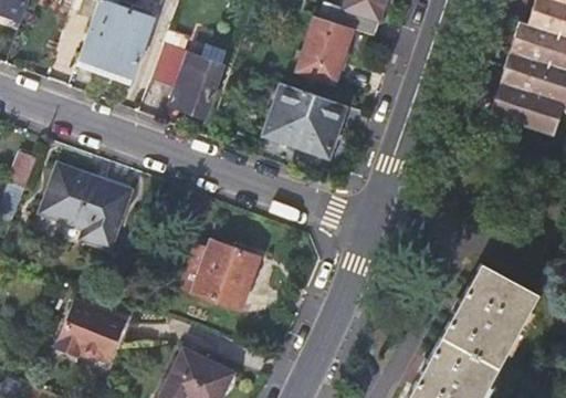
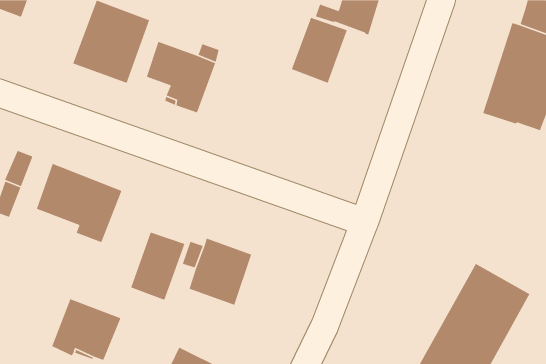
building: [263,84,344,156] -> none
building: none -> [130,232,185,301]

